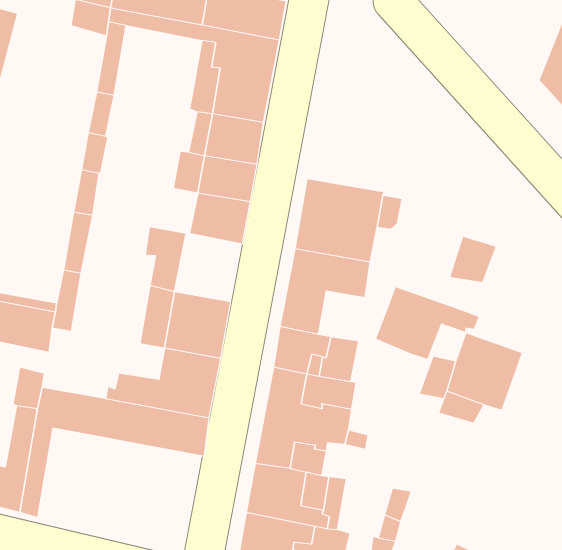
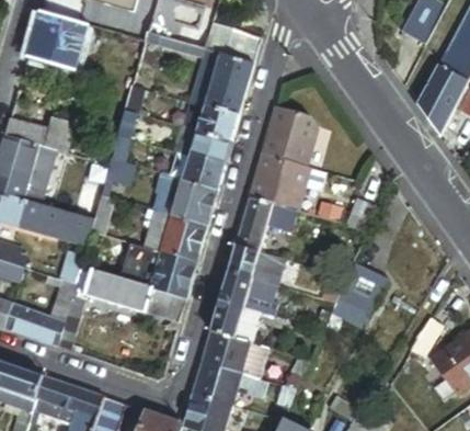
building: none -> [262,105,316,165]
building: none -> [171,180,217,226]
building: [376,286,479,359] -> none

